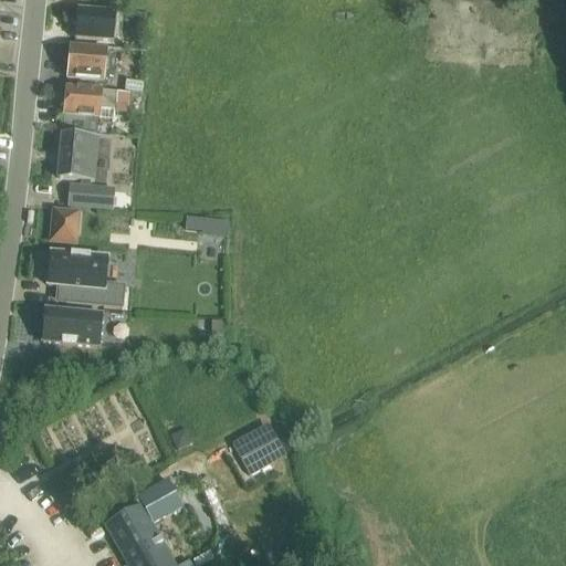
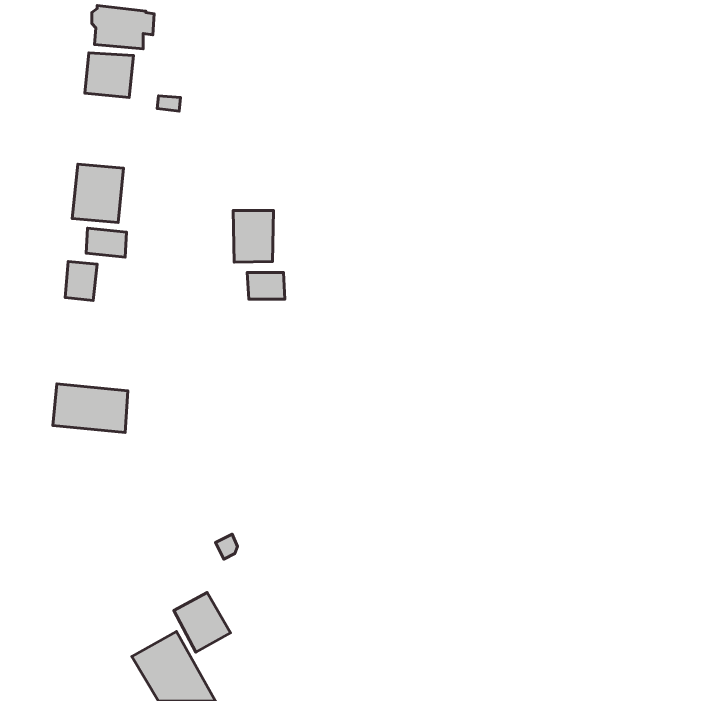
building: [64,83,116,128] -> none
building: none -> [233,211,273,262]
building: [48,248,124,304] -> none
building: [232,428,272,471] -> none

